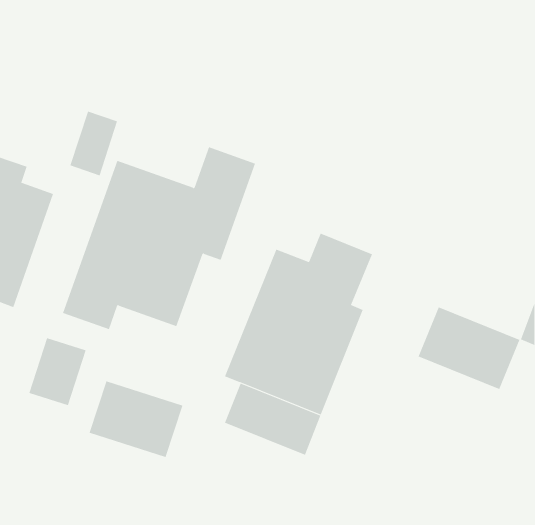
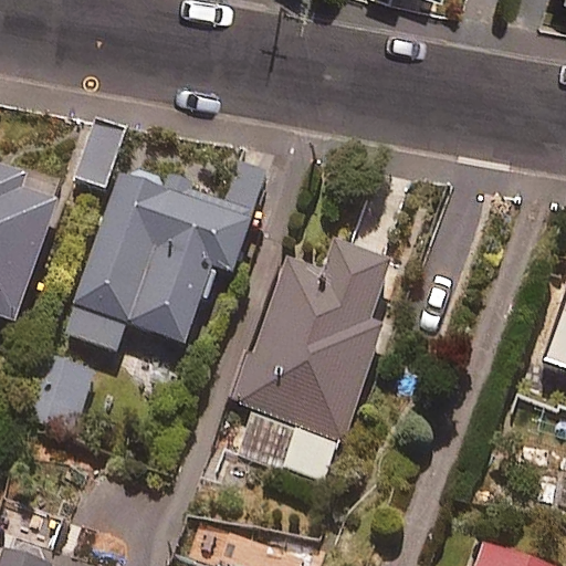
building: [418,306,520,390] -> none
building: [89,380,183,458] -> none

